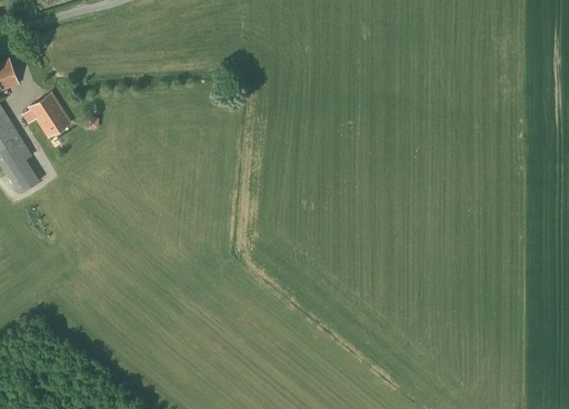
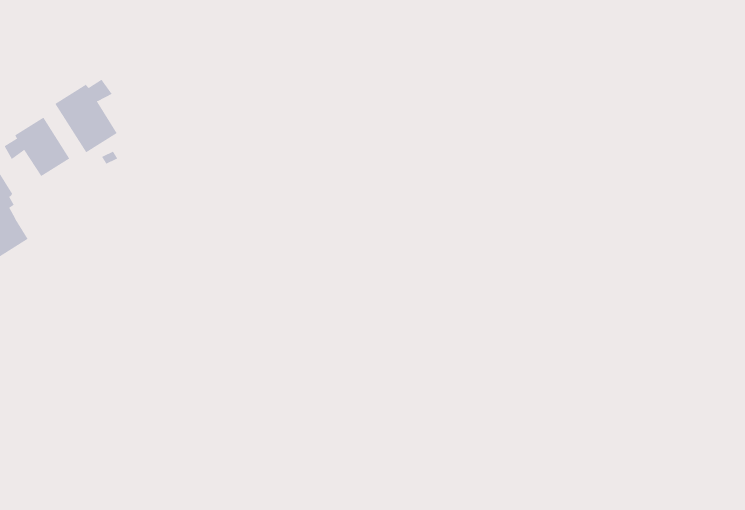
building: none -> [55,79,117,153]

